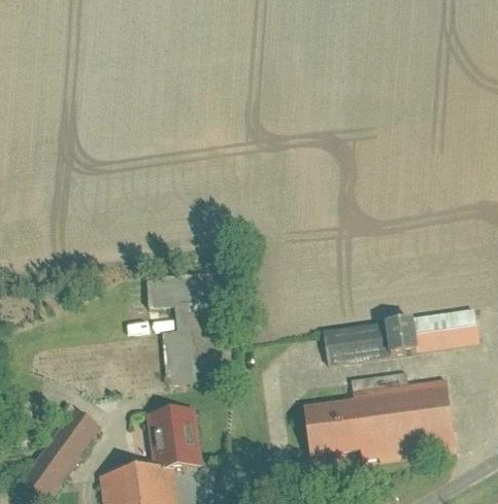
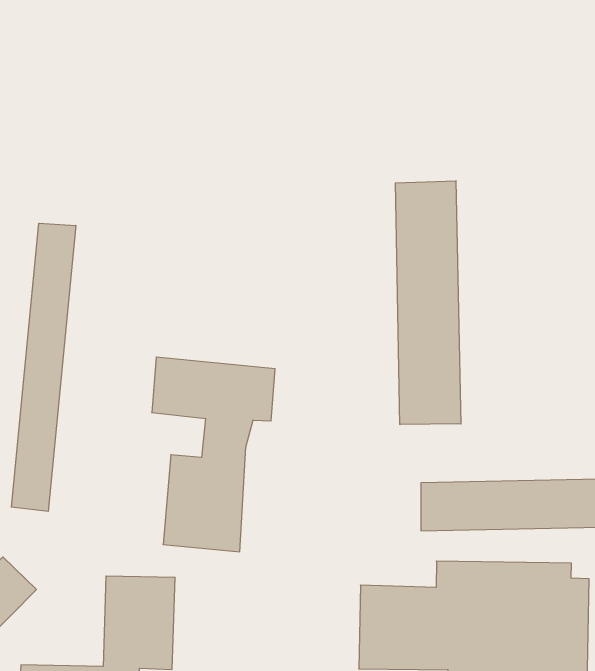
building: none -> [395,181,461,425]
building: none -> [11,223,76,511]

